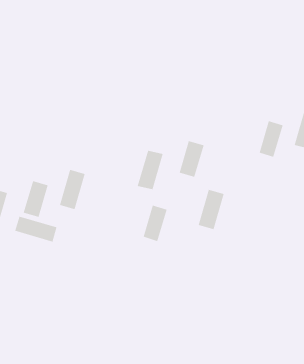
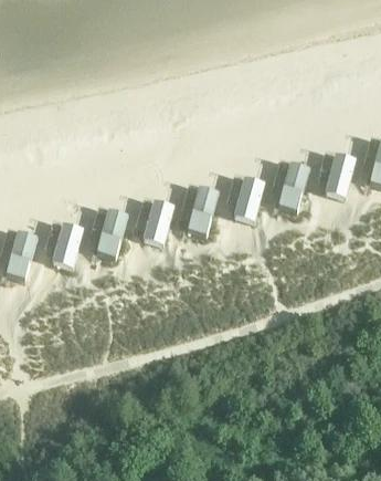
building: [198,189,224,230] -> [275,163,306,210]
building: [143,205,167,242] -> [142,199,171,242]
building: [15,216,57,243] -> none

